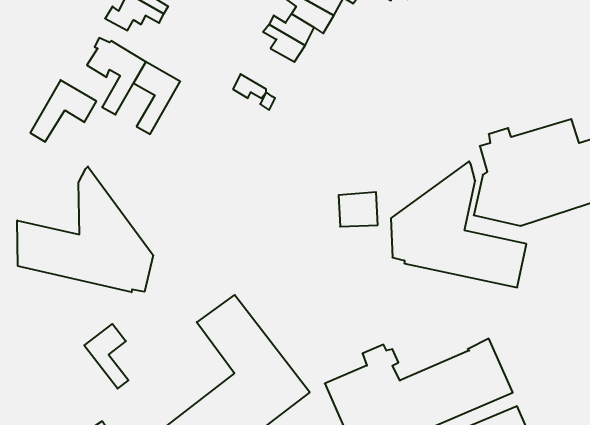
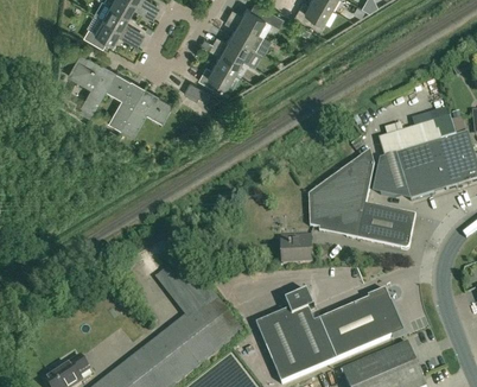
building: none -> [197,58,233,84]
building: [30,80,96,142] -> [119,84,171,133]
building: [17,166,153,292] -> none
building: [339,192,378,227] -> [281,233,312,260]
building: [84,324,128,389] -> none

